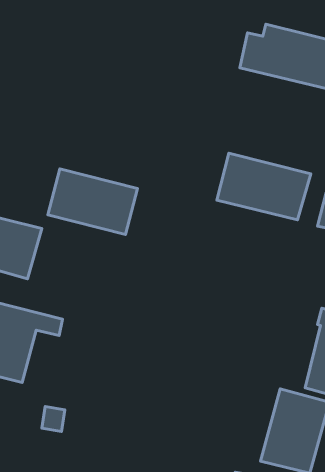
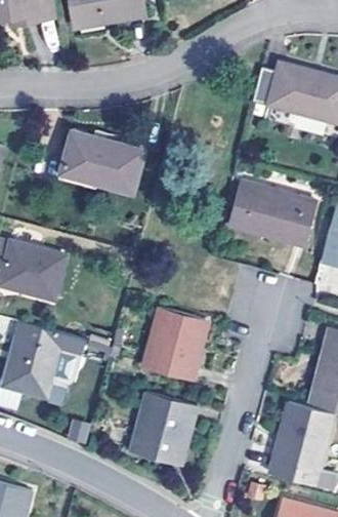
building: [48,169,137,234] -> [60,130,144,192]
building: none -> [142,307,204,381]
building: none -> [129,392,196,464]

